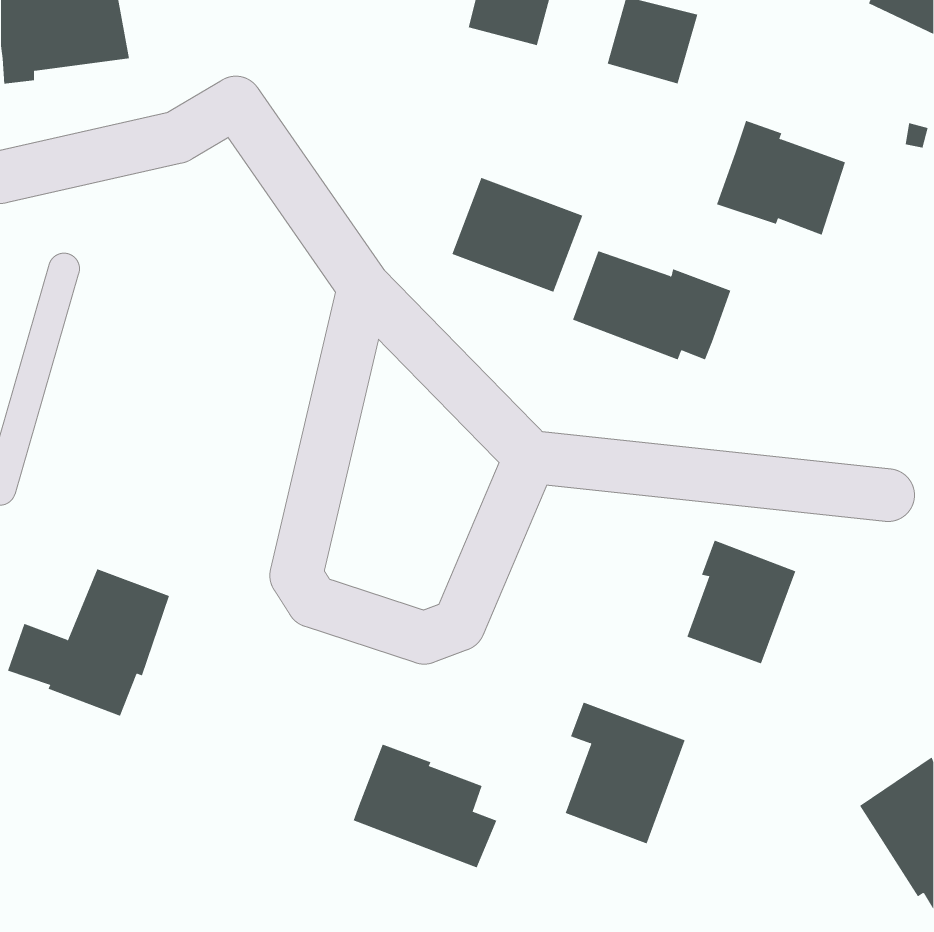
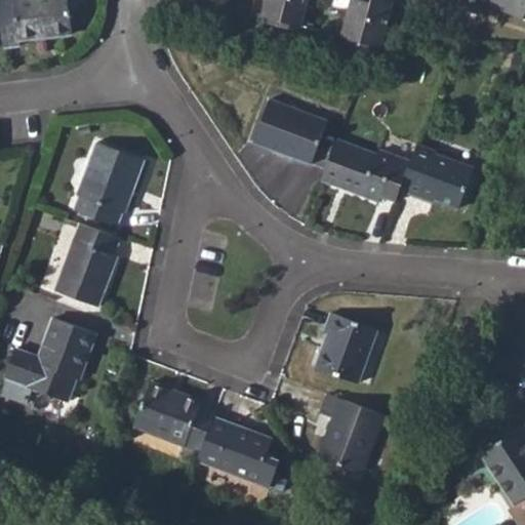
building: [716,120,846,235] -> [400,145,473,209]
building: none -> [75,144,143,226]
building: none -> [54,224,119,307]
building: [687,540,796,664] -> [316,313,377,382]
building: none -> [134,383,216,452]

